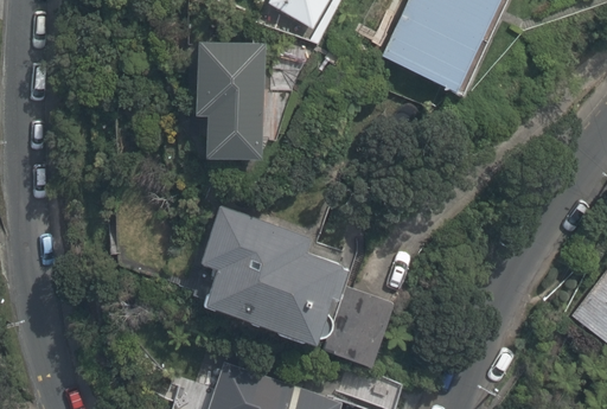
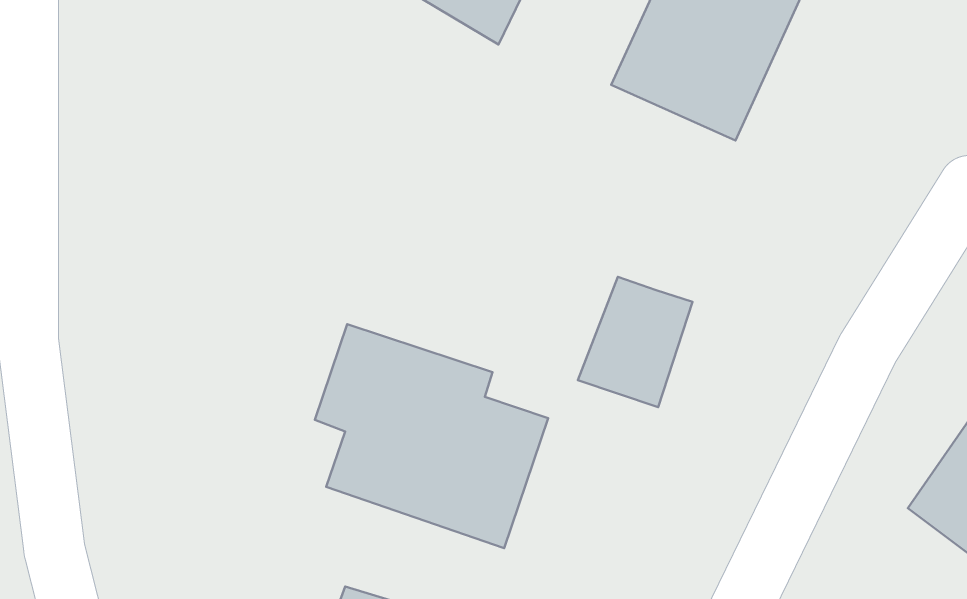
building: [196,40,267,161] -> none
building: [322,285,394,365] -> [578,277,693,407]

